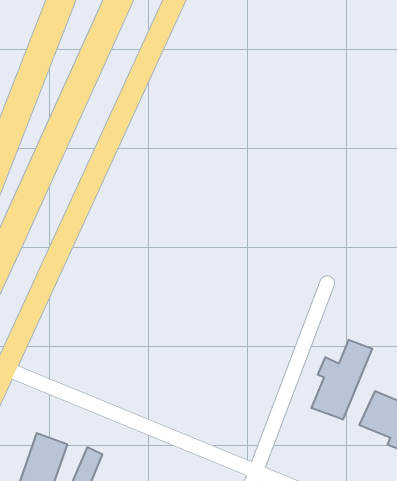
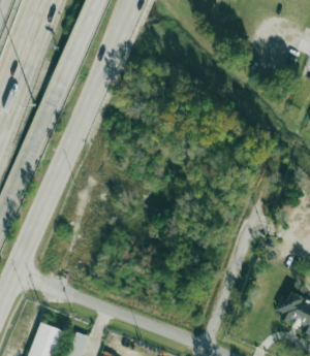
building: [311,340,372,420] -> none

